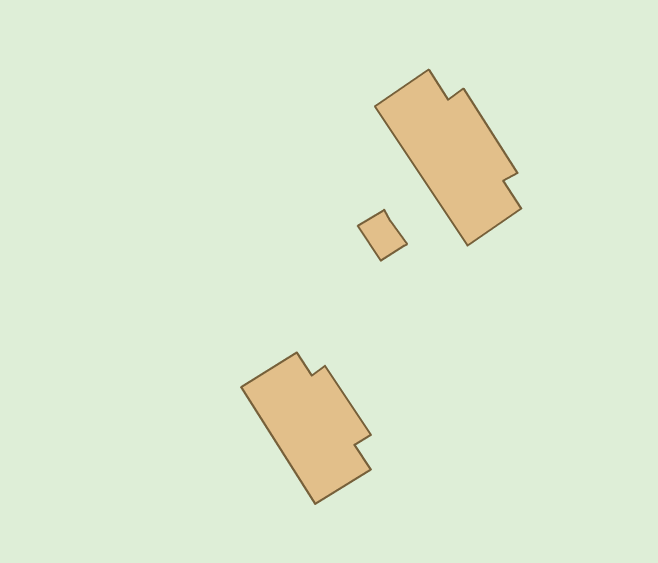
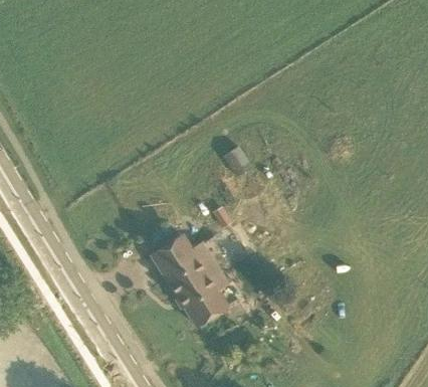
building: [375,70,521,246] -> none

